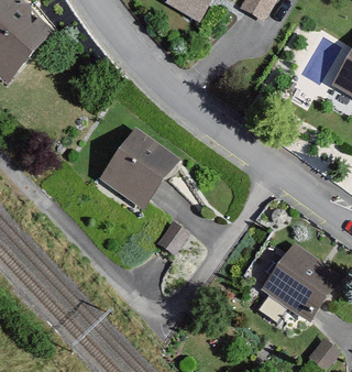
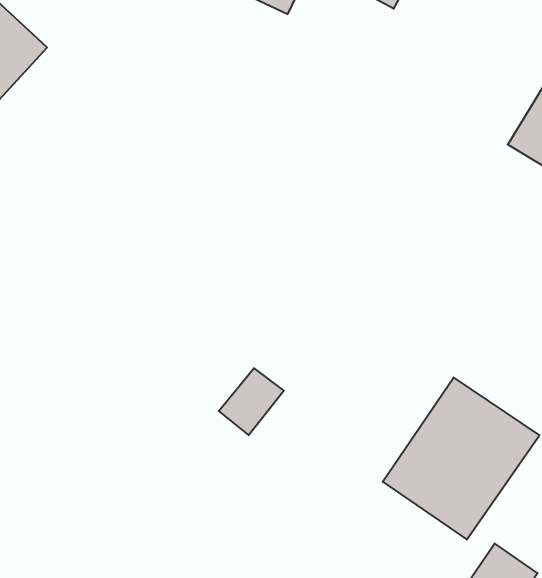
building: [104,121,187,215] -> none

